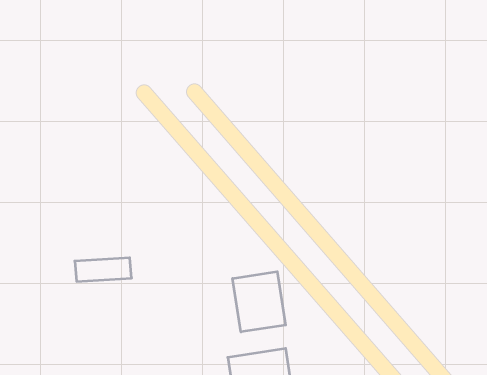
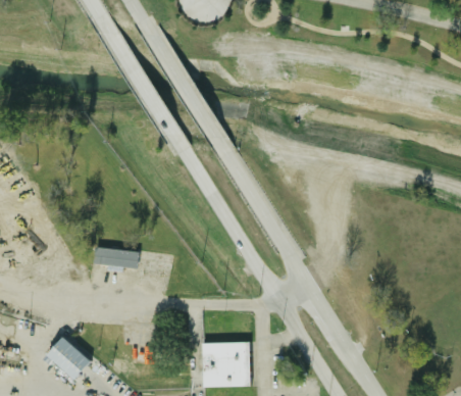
building: [233,272,286,332] -> none

